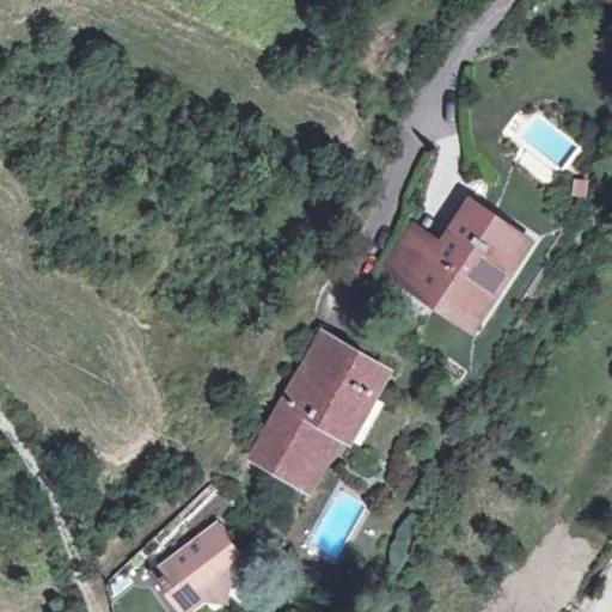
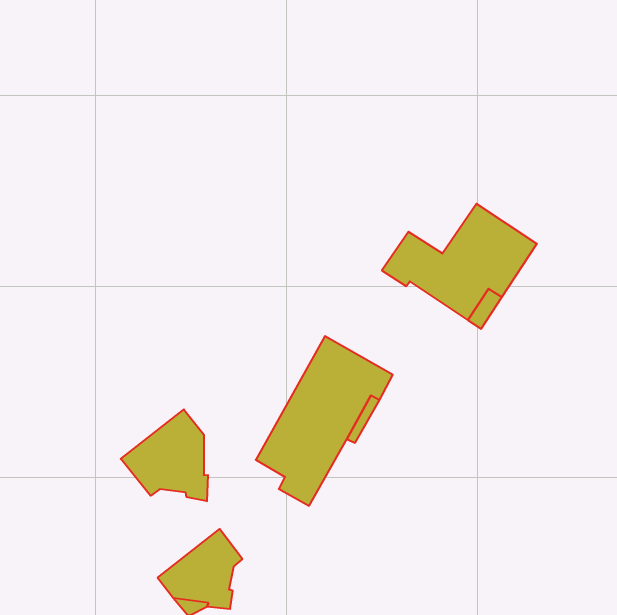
building: none -> [121,409,208,501]

